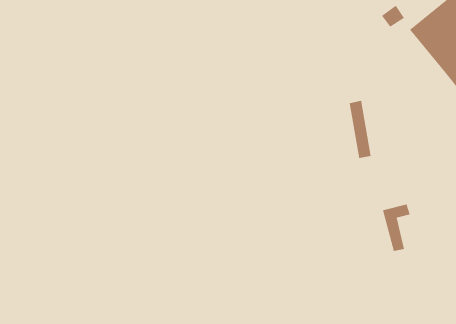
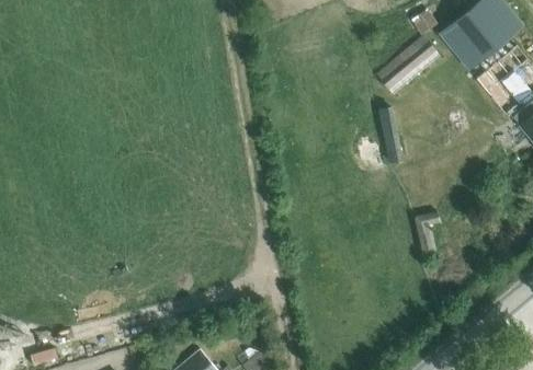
building: none -> [376,35,436,90]

